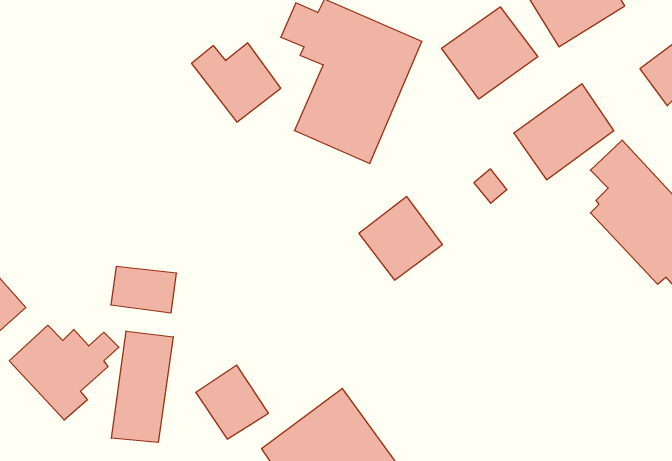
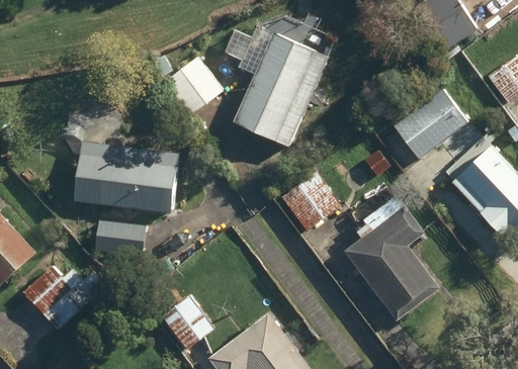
building: [442,7,538,99] -> none
building: none -> [71,141,178,212]
building: none -> [343,203,439,319]
building: [111,331,173,442] -> none

